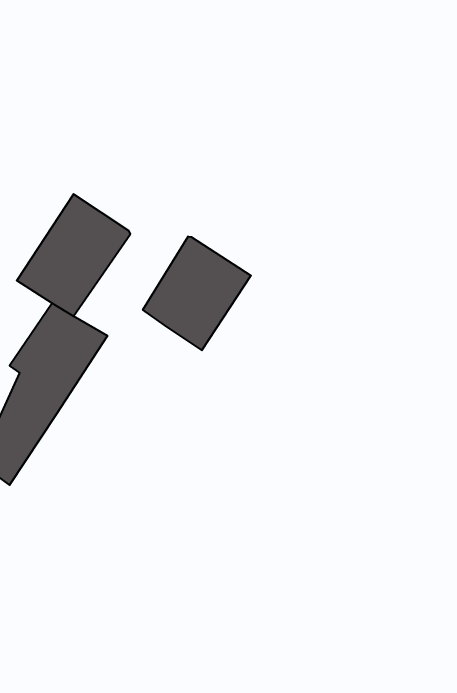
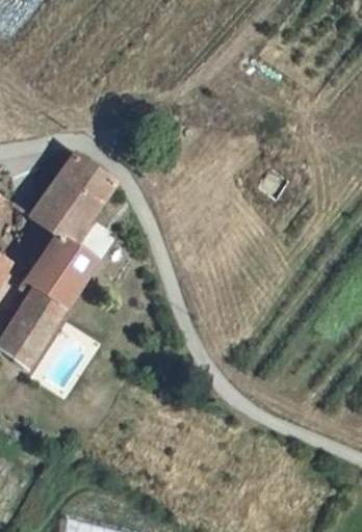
building: [143,236,251,350] -> none

